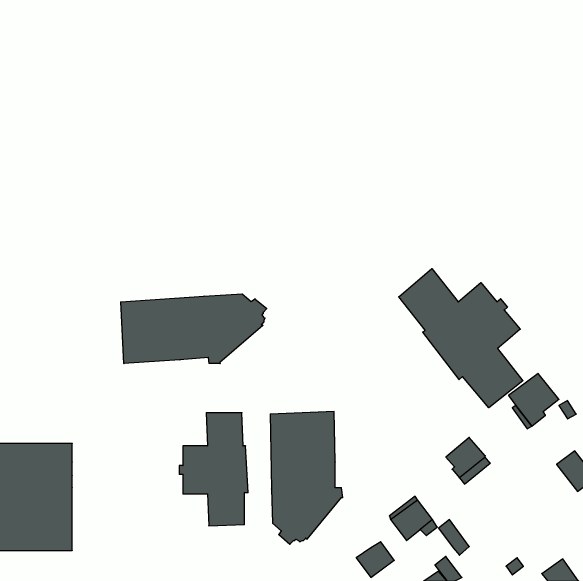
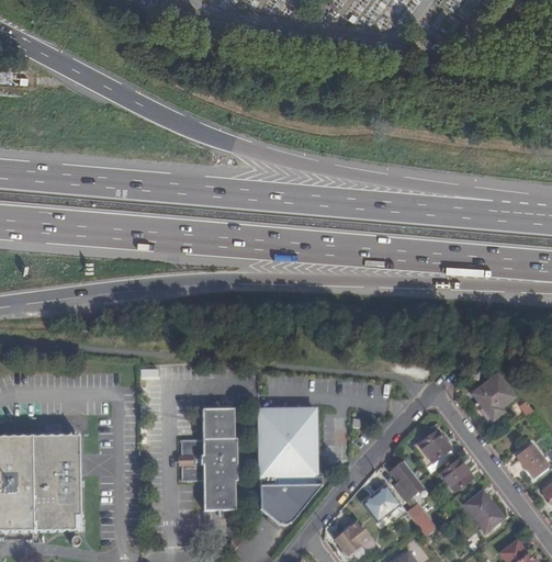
building: [399,269,523,408] -> none
building: [121,294,267,364] -> none
building: none -> [440,458,473,492]
building: none -> [396,471,425,504]
building: none -> [466,490,505,530]

